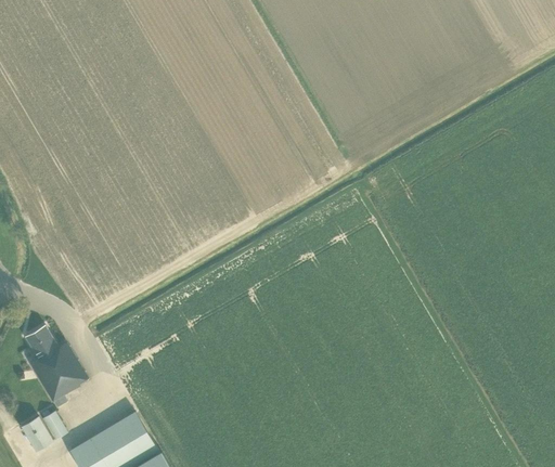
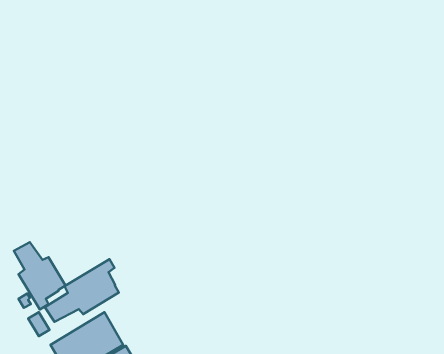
building: none -> [45,259,119,322]
building: [20,417,53,453] -> none

